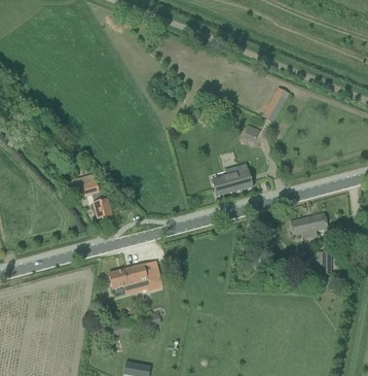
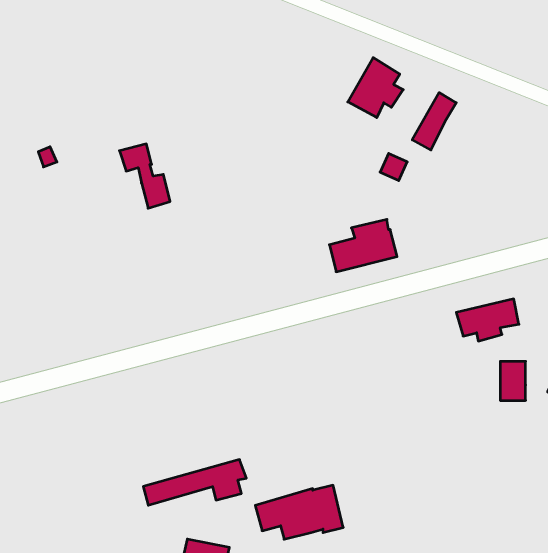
building: none -> [348,58,403,118]
building: [80,179,111,218] -> [119,144,170,208]
building: [108,261,161,294] -> [255,485,343,539]

